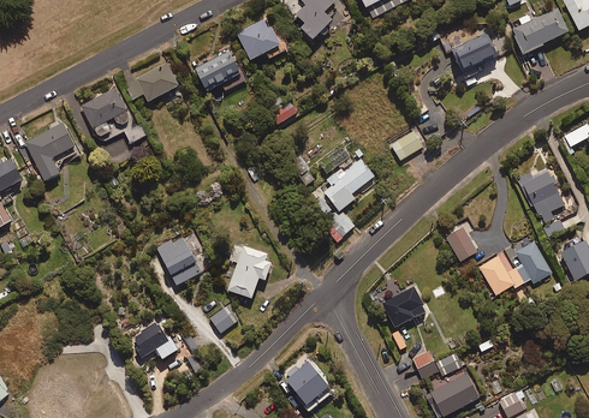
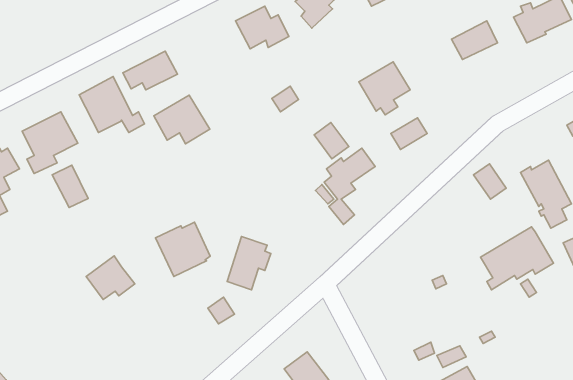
building: [192,46,248,94] -> [154,95,210,144]
building: none -> [359,62,410,115]
building: none -> [314,123,349,159]
building: none -> [52,165,88,207]
building: [445,227,477,262] -> [474,164,506,199]
building: [381,287,426,328] -> none
building: [129,321,177,364] -> [86,256,135,300]

